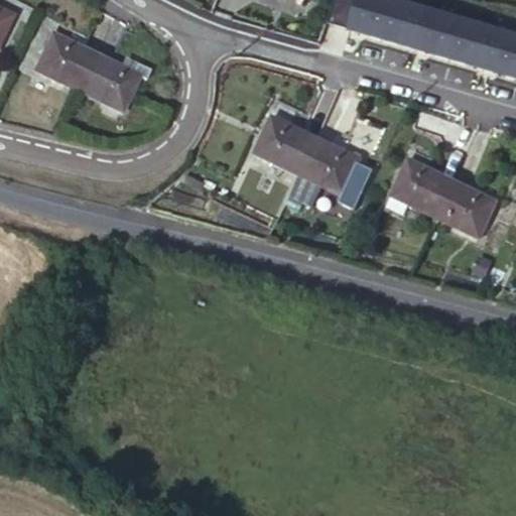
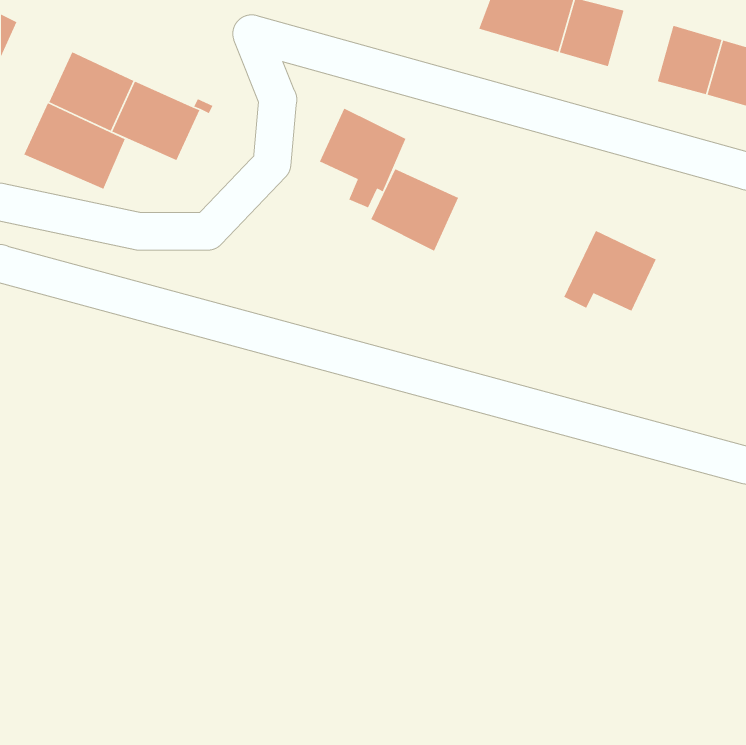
building: [420,7,465,56] -> none
building: none -> [23,102,126,190]
building: [300,136,361,206] -> [319,108,407,209]
building: [436,178,498,236] -> none

